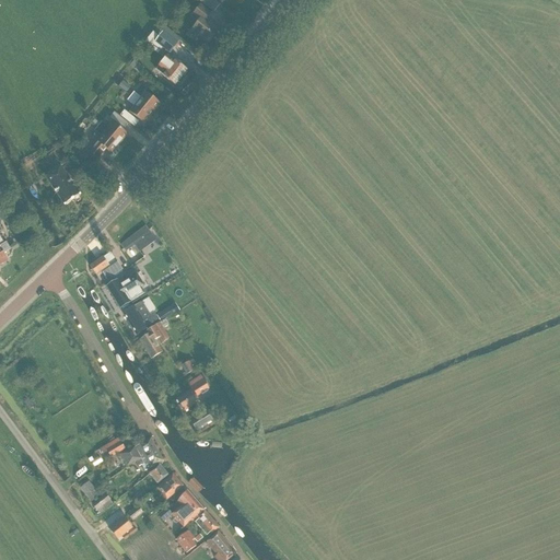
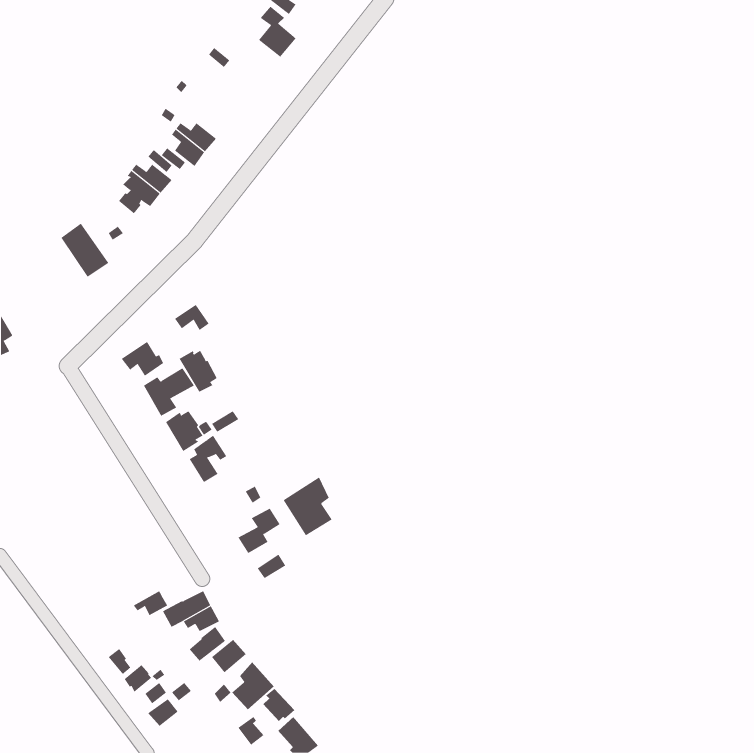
building: [158,54,187,84] -> none
building: none -> [179,350,217,393]
building: none -> [283,476,332,536]

